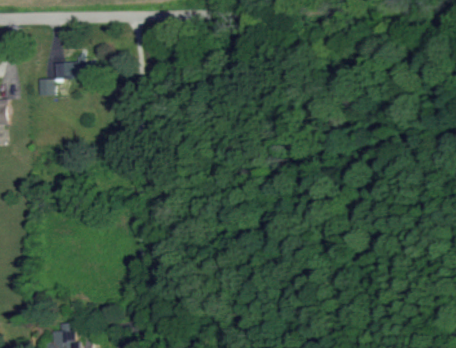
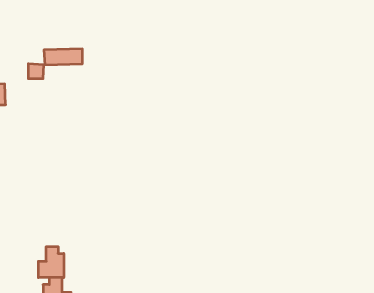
building: none -> [38,247,64,278]

